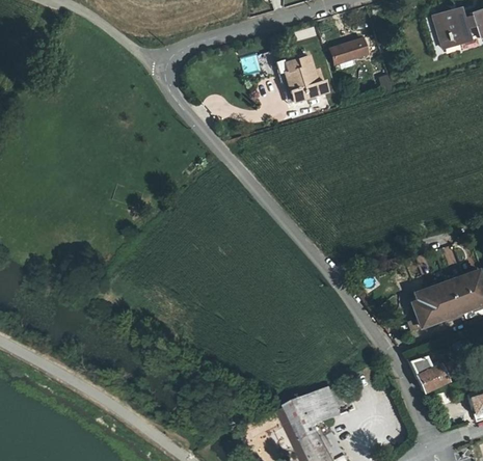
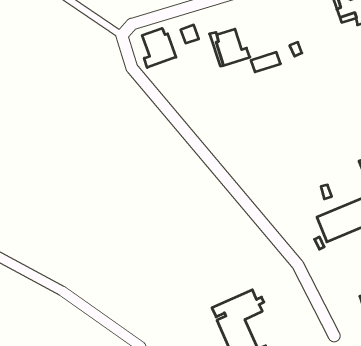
building: [332,38,370,63] -> [251,52,281,72]
building: none -> [142,28,176,68]
building: [409,354,446,390] -> none

